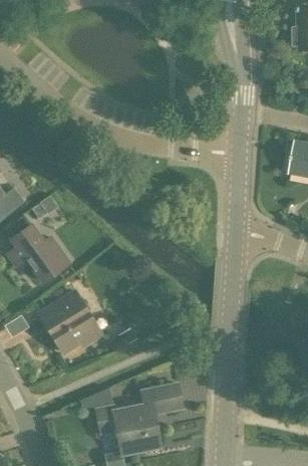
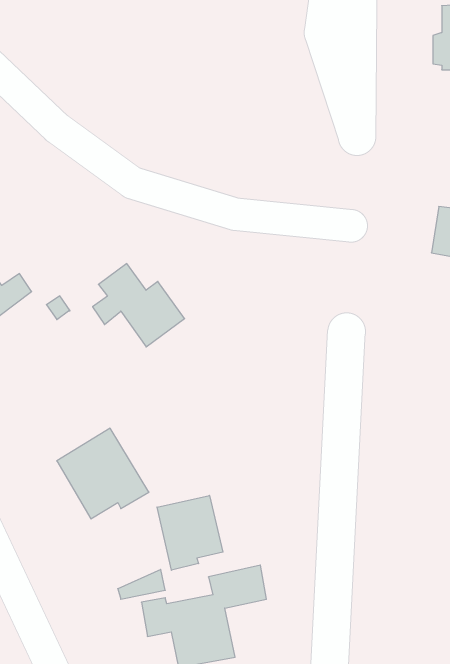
building: [7,225,69,281] -> [93,264,185,347]
building: none -> [157,495,223,570]

